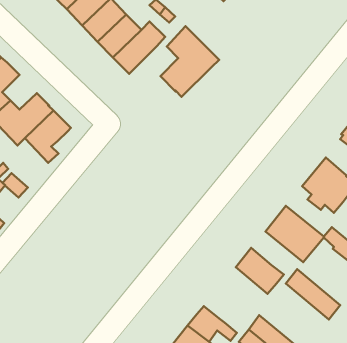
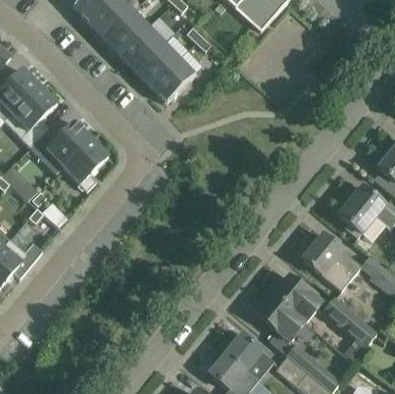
building: [160,26,219,97] -> none
building: none -> [256,295,304,341]

